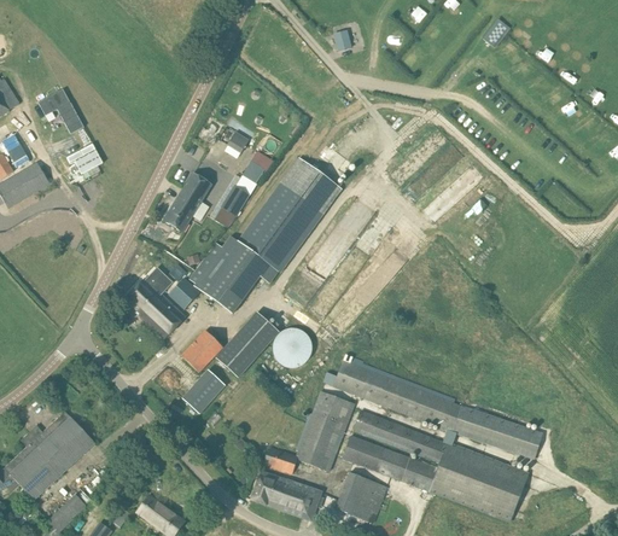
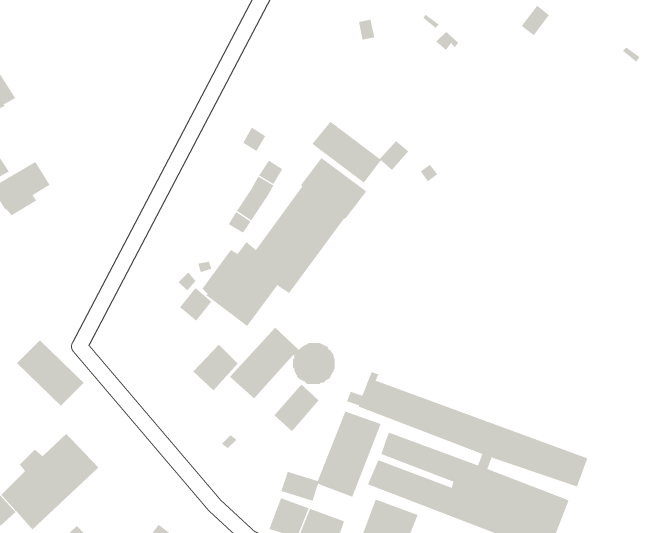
building: [39,88,84,133] -> none
building: none -> [312,121,409,183]
building: [66,142,104,173] -> none
building: [164,173,211,231] -> none
building: [123,276,186,338] -> [16,339,84,406]
building: [182,368,225,413] -> [274,384,320,432]

